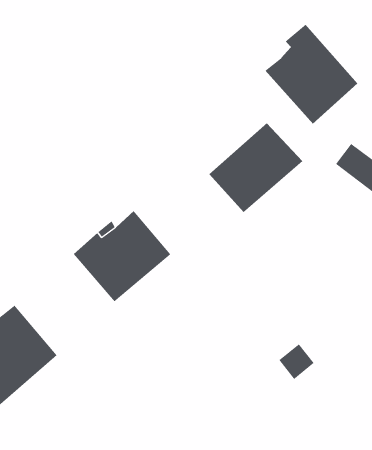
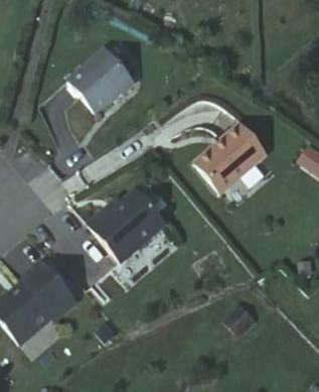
building: [265,24,358,125] -> none
building: none -> [60,51,125,115]

